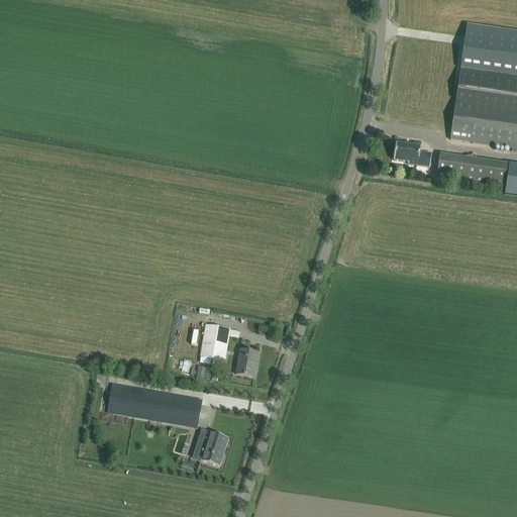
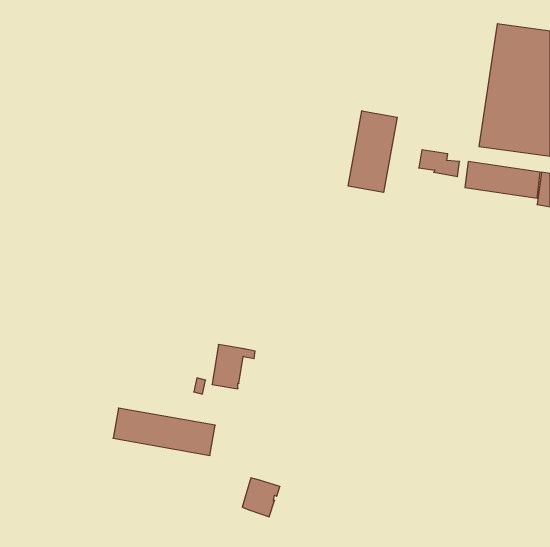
building: none -> [348,111,397,192]
building: [236,348,257,376] -> none
building: [193,428,228,464] -> [242,478,280,517]

